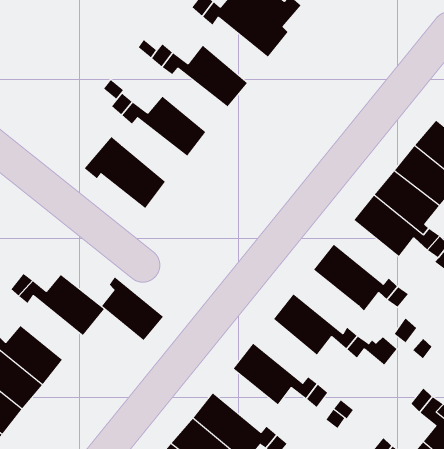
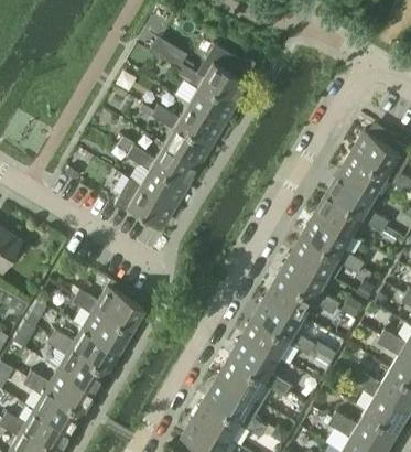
building: none -> [185,79,235,125]
building: none -> [161,121,210,165]
building: none -> [137,162,186,206]
building: none -> [303,214,353,258]
building: none -> [279,255,328,299]
building: [101,276,164,341] -> [82,304,129,348]
building: none -> [255,295,303,340]
building: none -> [230,336,280,380]

